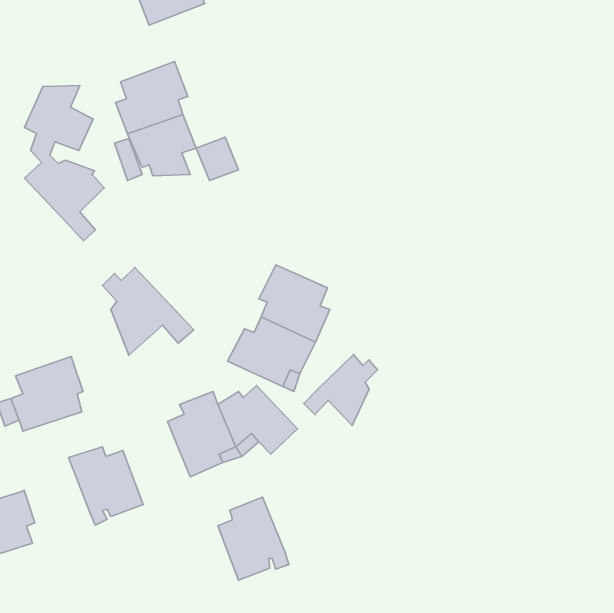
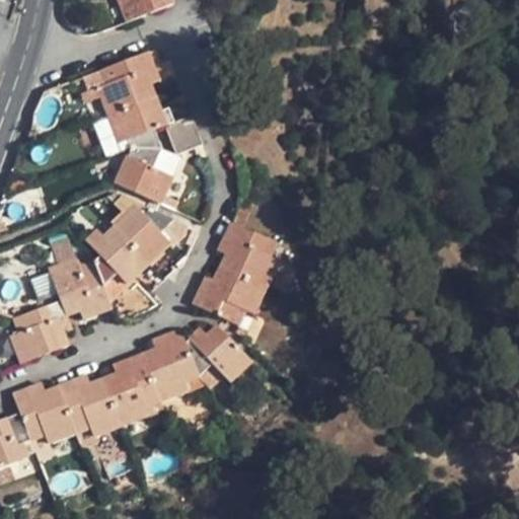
building: [25,85,104,241] -> [114,147,180,278]
building: none -> [49,256,110,319]
building: [304,354,377,426] -> none
building: none -> [11,382,76,443]
building: [218,497,289,580] -> [103,355,163,425]

